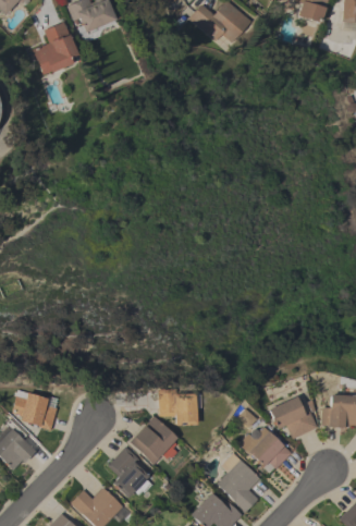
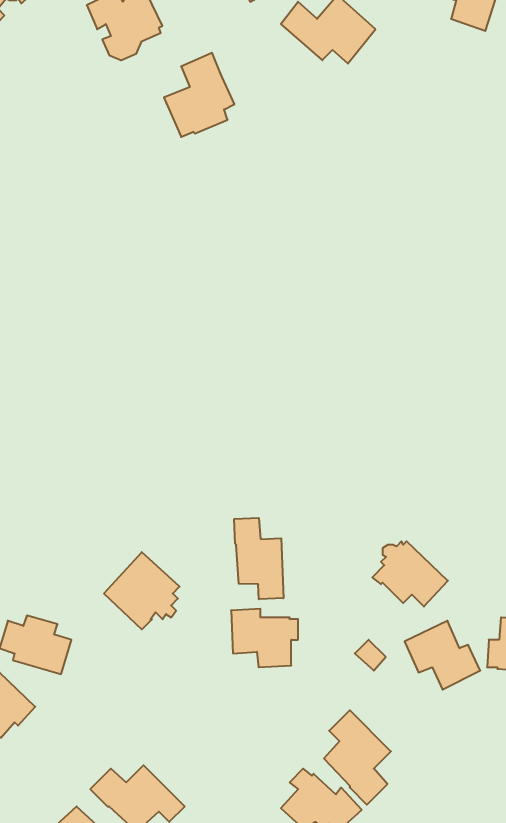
building: [33,21,77,74] -> [164,53,234,137]
building: none -> [234,518,283,599]
building: [130,415,177,464] -> [104,552,180,629]
building: [244,427,292,468] -> [372,541,448,607]
building: [107,445,151,498] -> none

